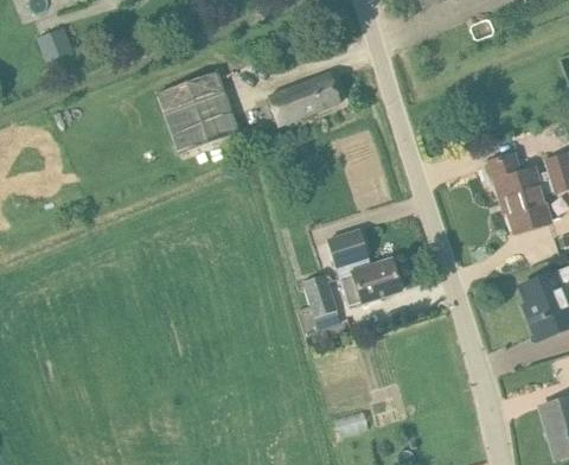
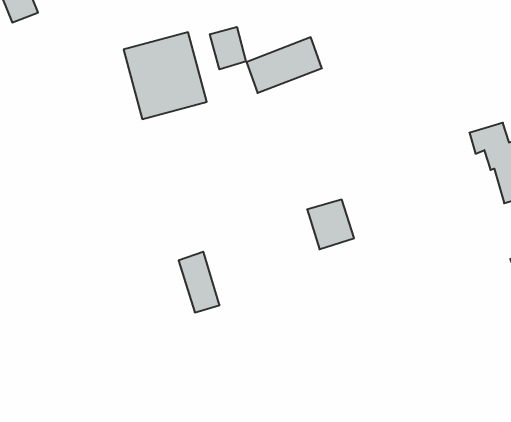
building: none -> [210,27,246,69]
building: [339,259,403,306] -> none
building: [303,273,343,331] -> [179,252,220,312]

